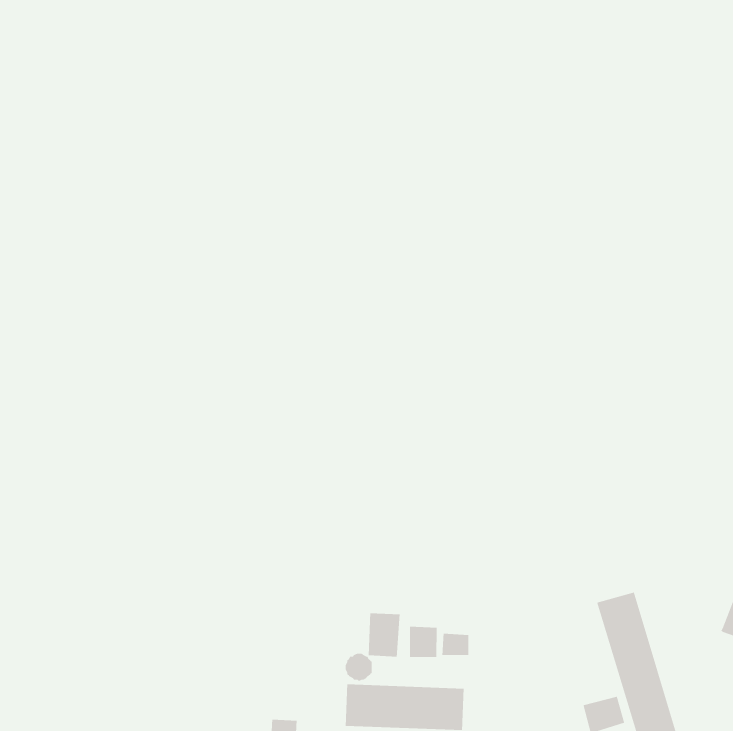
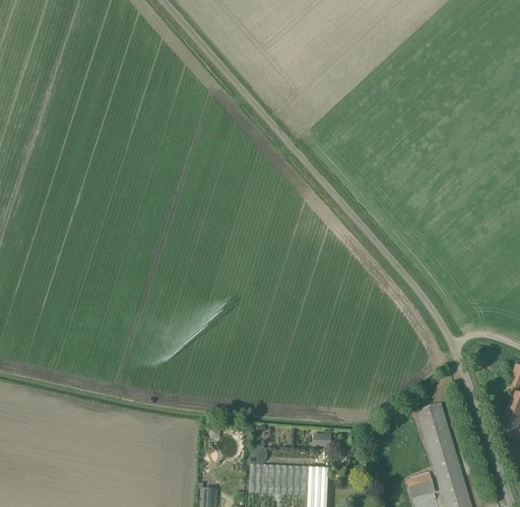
building: [368,613,401,657] -> none
building: [409,626,437,658] -> none

